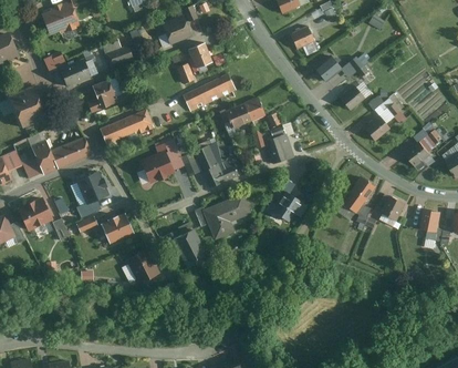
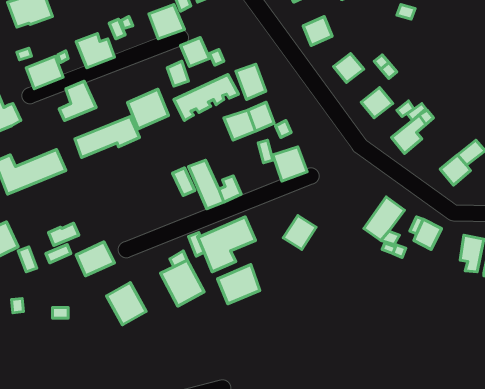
building: none -> [236,64,266,99]
building: [139,150,174,183] -> [128,89,169,129]
building: [76,170,110,203] -> none
building: none -> [217,265,260,304]

